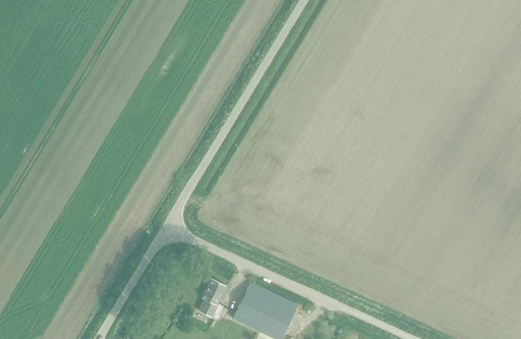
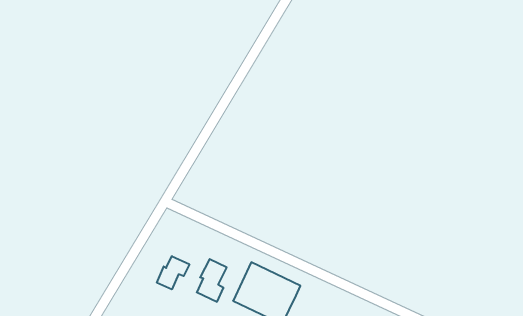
building: none -> [157,256,189,289]

